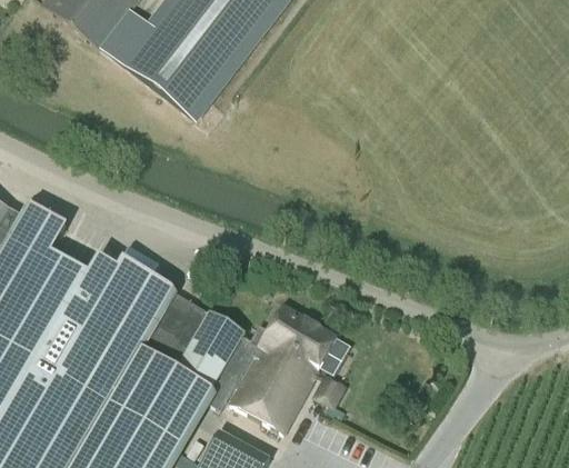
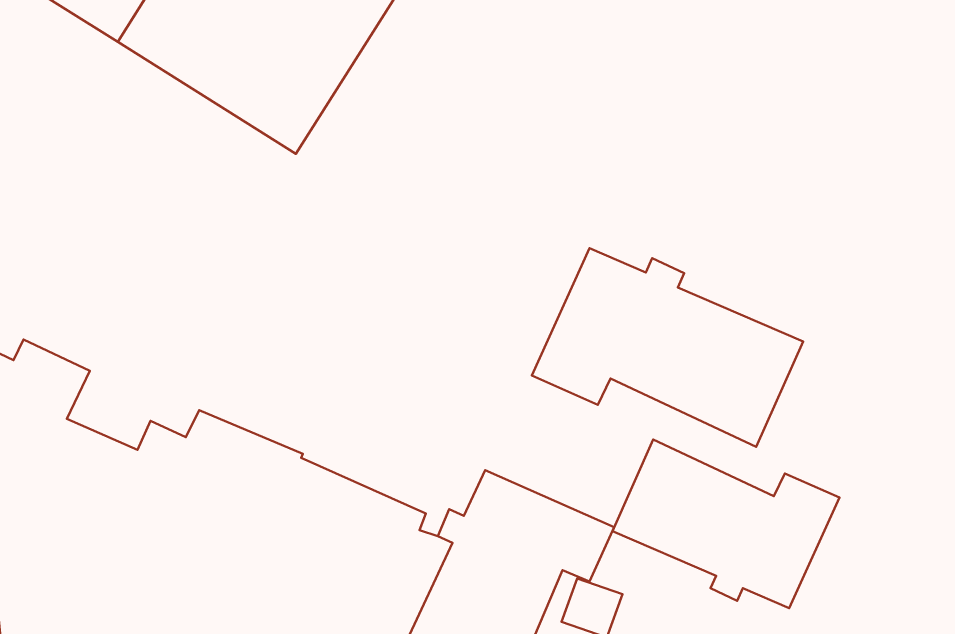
building: none -> [532,248,803,447]
building: none -> [612,440,839,608]

